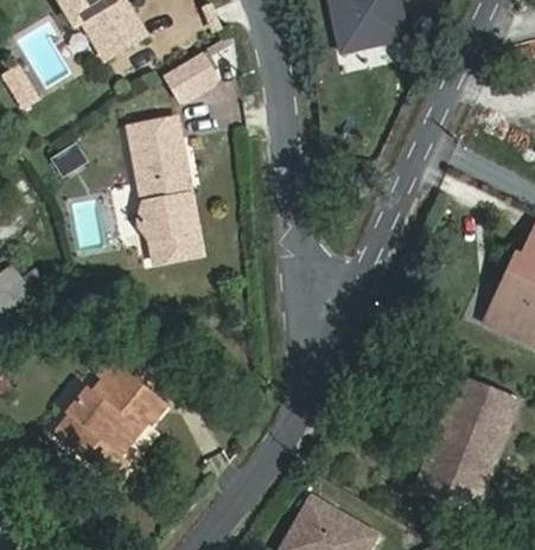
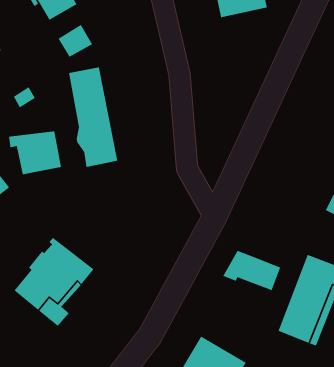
building: [164,51,214,98] -> [57,24,93,58]
building: none -> [8,131,62,175]
building: none -> [222,250,281,291]

